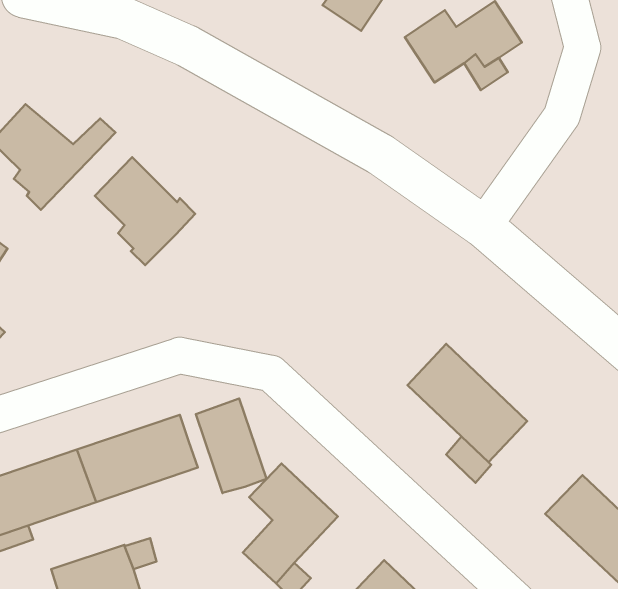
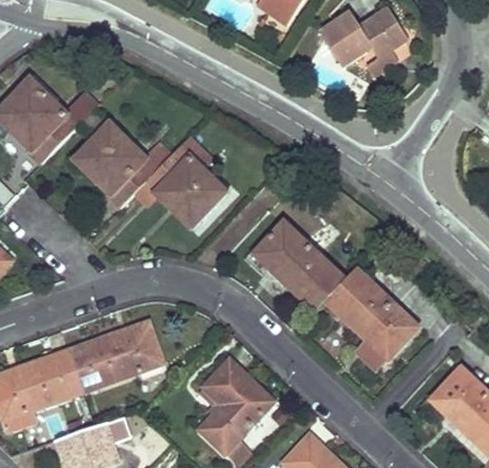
building: none -> [145,142,229,220]
building: none -> [253,220,345,311]
building: [196,399,267,493] -> none

